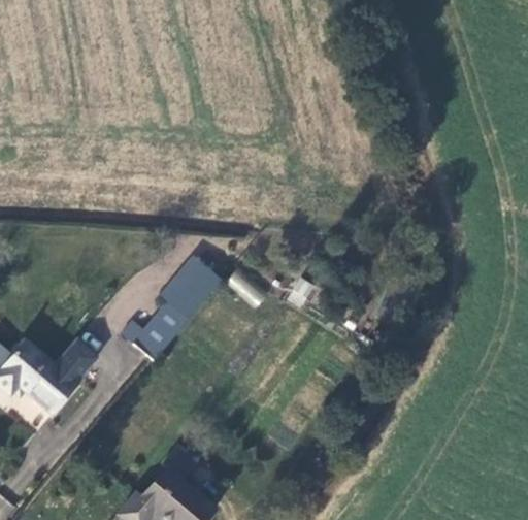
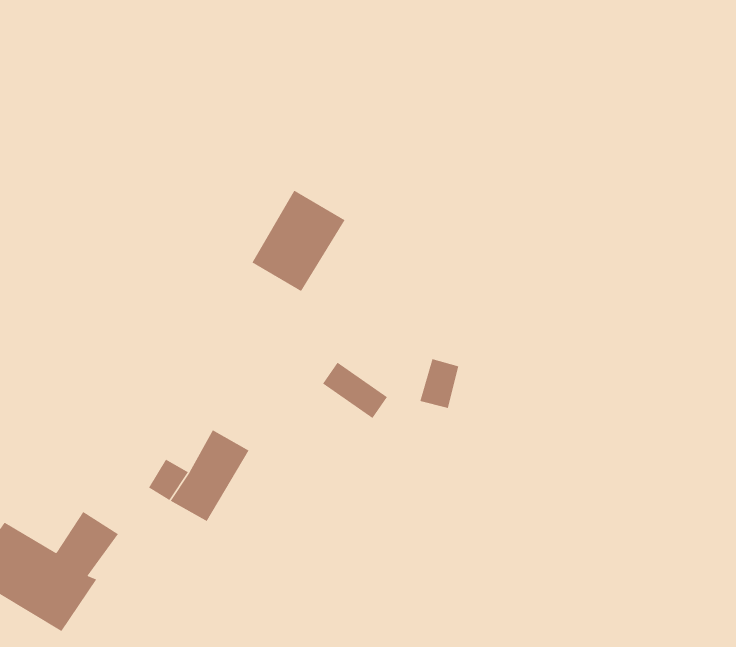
building: [153,258,216,323] -> [252,190,346,292]

